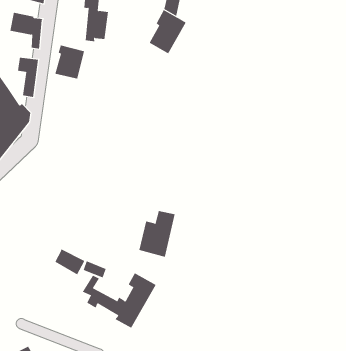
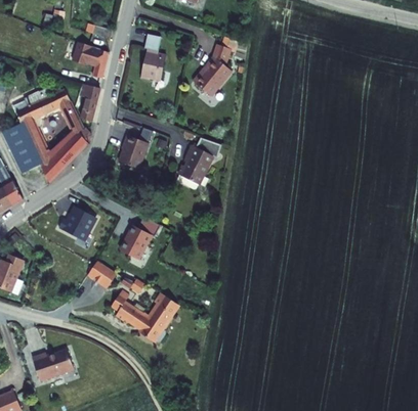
building: [54,45,85,79] -> [123,136,153,169]
building: none -> [181,138,224,185]
building: none -> [54,202,94,241]
building: [139,210,176,257] -> [116,216,153,259]

